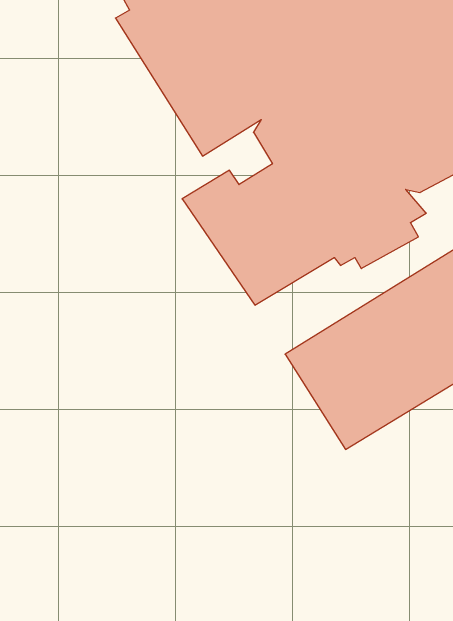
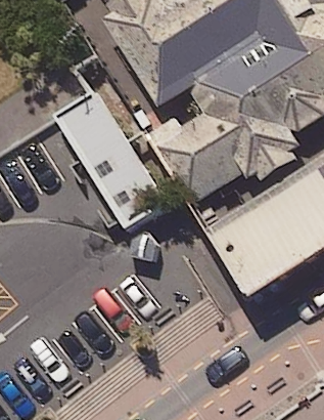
building: none -> [55,93,165,227]

